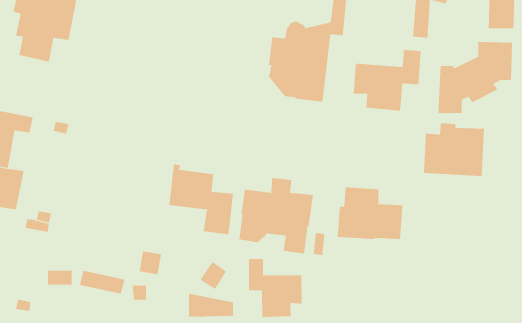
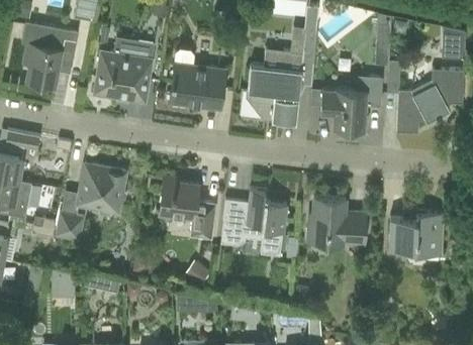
building: none -> [93,37,155,103]
building: none -> [169,50,224,110]
building: [423,123,485,177] -> [388,209,443,256]
building: none -> [57,165,125,240]
building: [248,258,302,318] -> none

